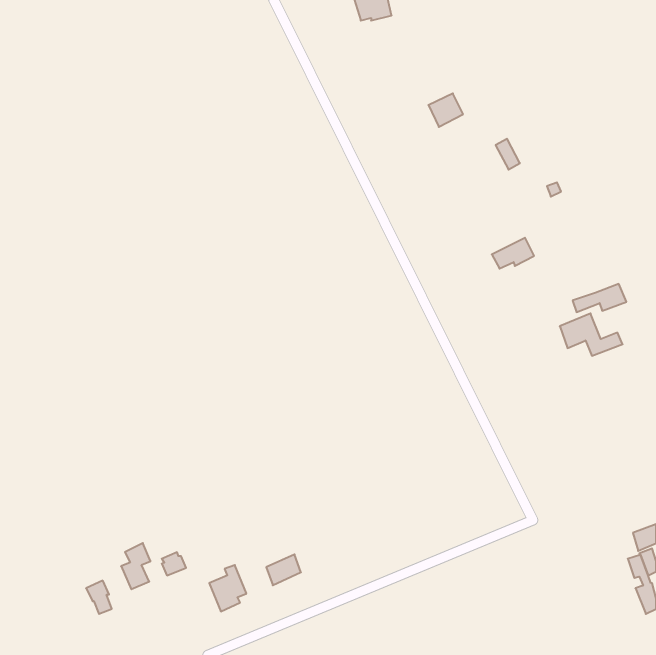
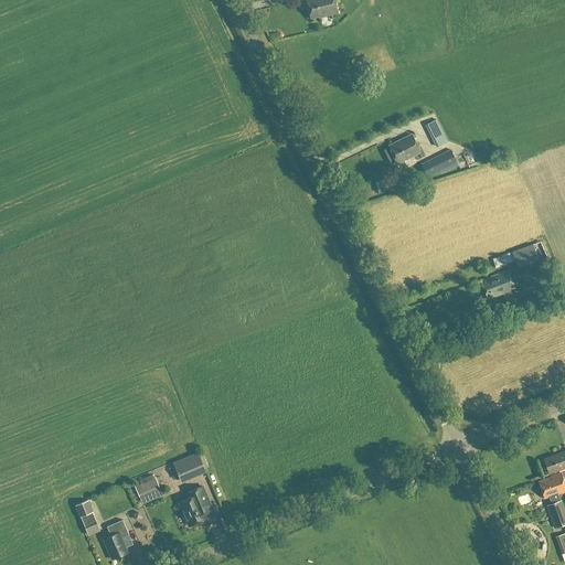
building: [428,93,463,127] -> [390,135,419,163]
building: [492,238,534,269] -> [422,149,458,175]
building: [121,543,151,589] -> [104,519,129,558]
building: [266,554,301,585] -> [174,452,204,479]

